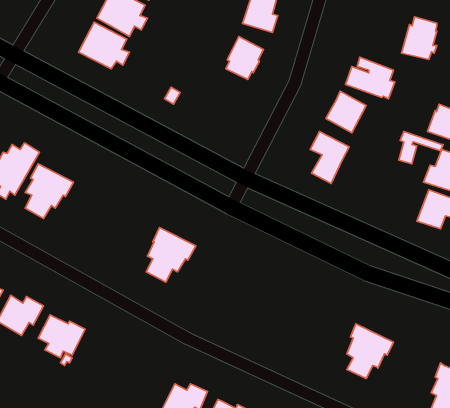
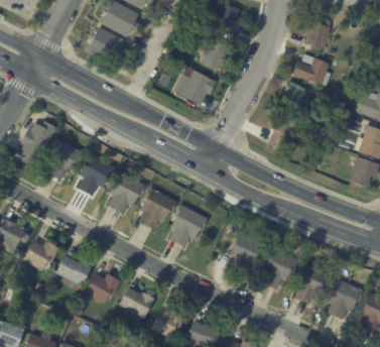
building: [402,17,437,60] -> [303,16,331,49]
building: none -> [180,71,217,106]
building: none -> [78,152,115,195]
building: none -> [108,170,146,213]
building: none -> [170,204,208,246]
building: none -> [229,231,265,274]
building: none -> [262,247,297,290]
building: none -> [84,272,121,303]
building: none -> [328,277,363,319]
building: none -> [119,286,154,318]

